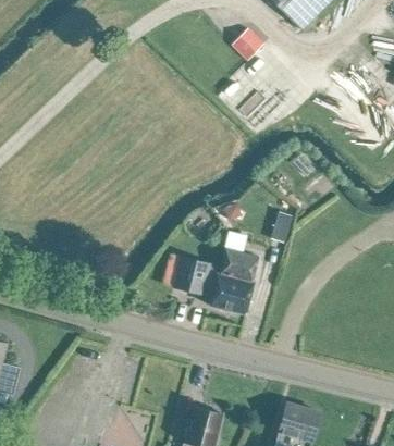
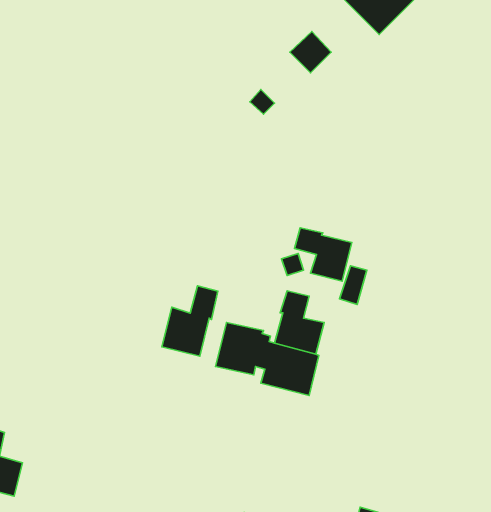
building: none -> [295,228,352,281]
building: none -> [162,286,218,356]

